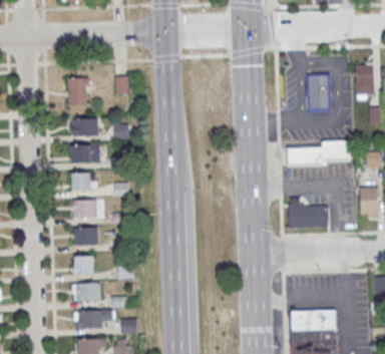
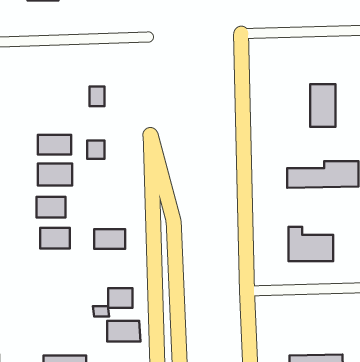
building: [67,77,90,104] -> none
building: [72,228,99,245] -> [94,229,125,249]
building: [73,256,94,273] -> [108,288,132,308]
building: [72,283,101,301] -> [107,321,140,342]

